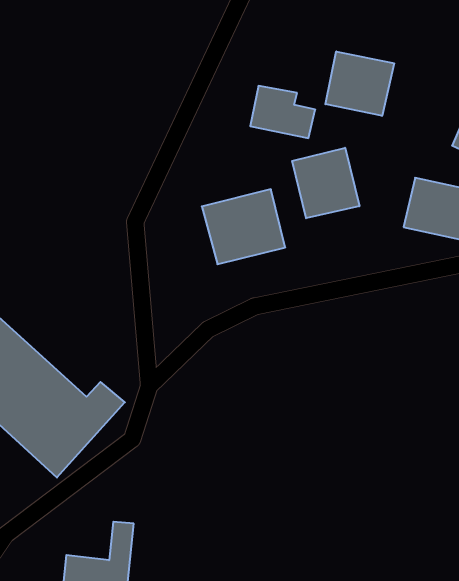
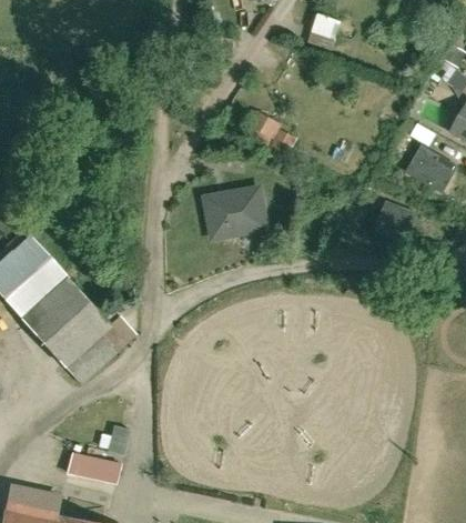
building: [325,51,394,116] -> none
building: [292,148,359,218] -> none

